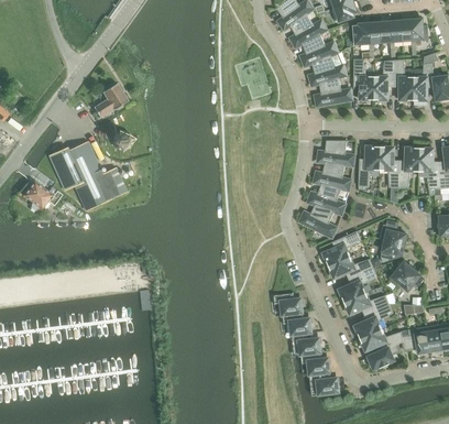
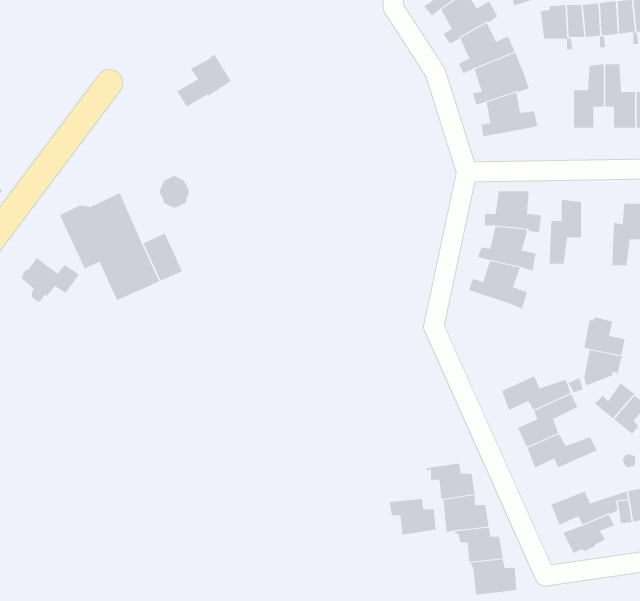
building: [353,59,374,100] -> none
building: [94,83,129,117] -> [176,53,232,107]
building: [380,145,399,187] -> none
building: [299,205,337,237] -> none
building: [322,231,361,267] -> none
building: [273,292,303,315] -> [389,498,436,535]
building: [354,304,393,338] -> none

